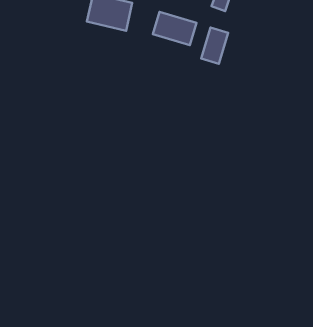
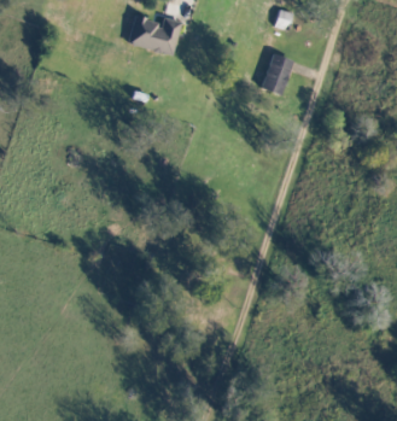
building: [153,12,197,45] -> none

